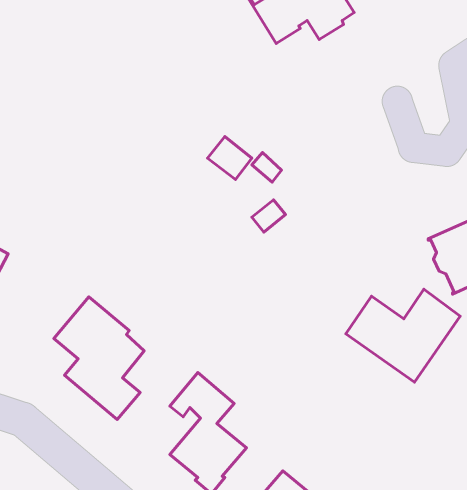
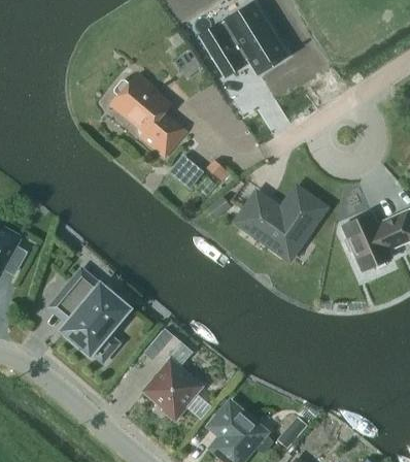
building: none -> [108,73,185,157]
building: [346,289,460,382] -> [237,188,324,259]

